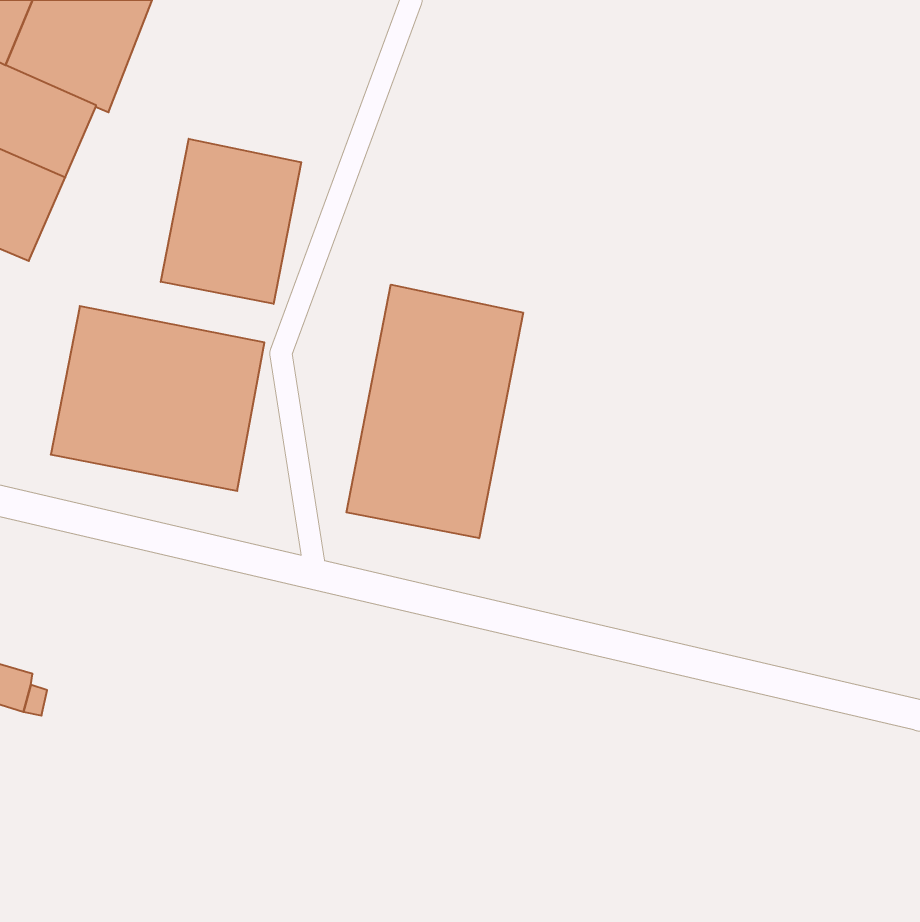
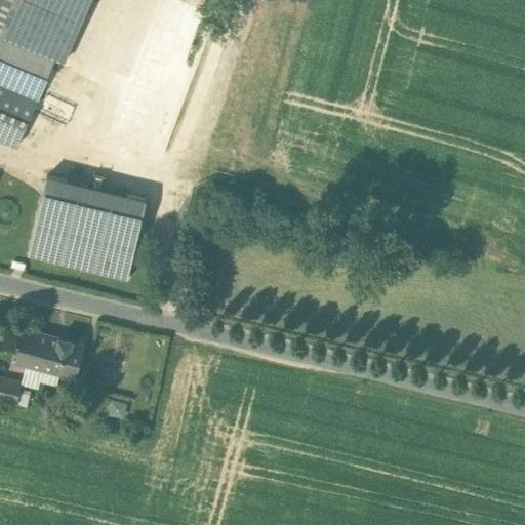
building: [161,139,301,304] -> none
building: [346,285,523,538] -> none
building: none -> [12,329,81,379]

